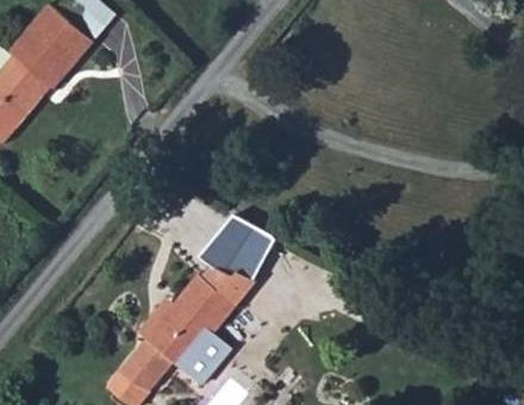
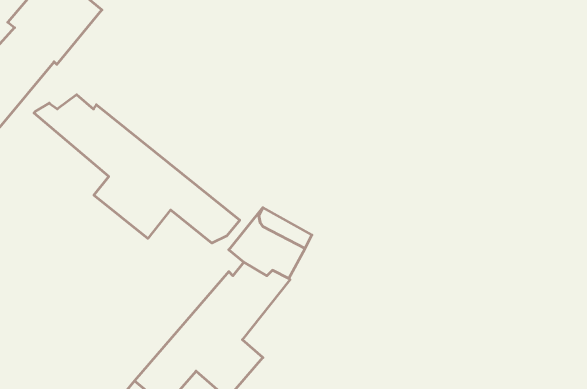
building: none -> [34,95,240,243]

